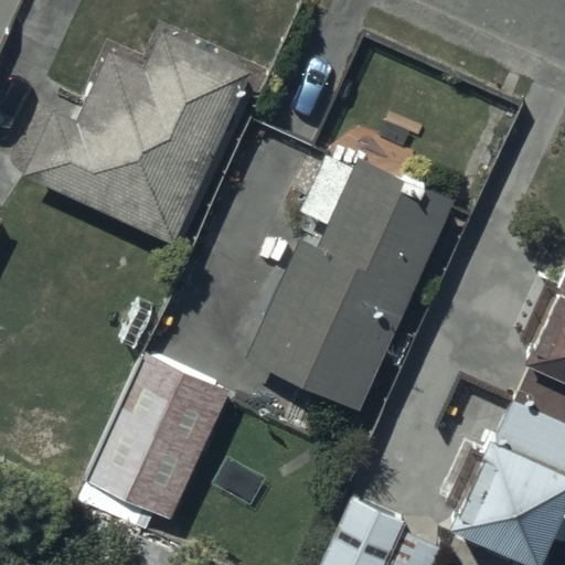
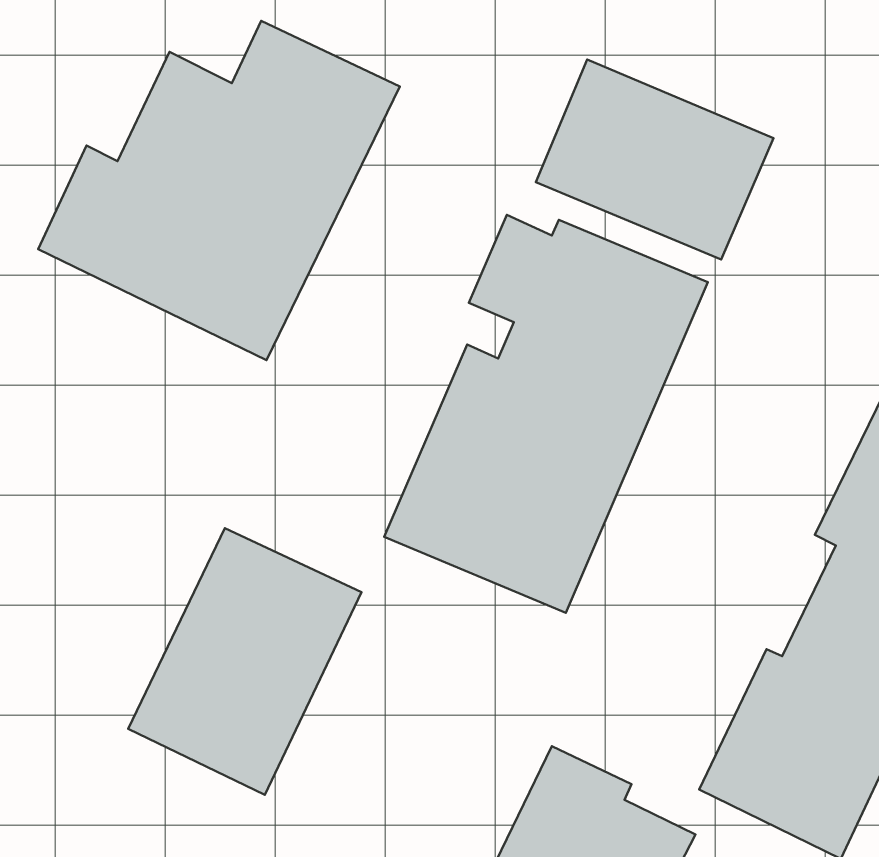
building: none -> [536,60,774,259]

